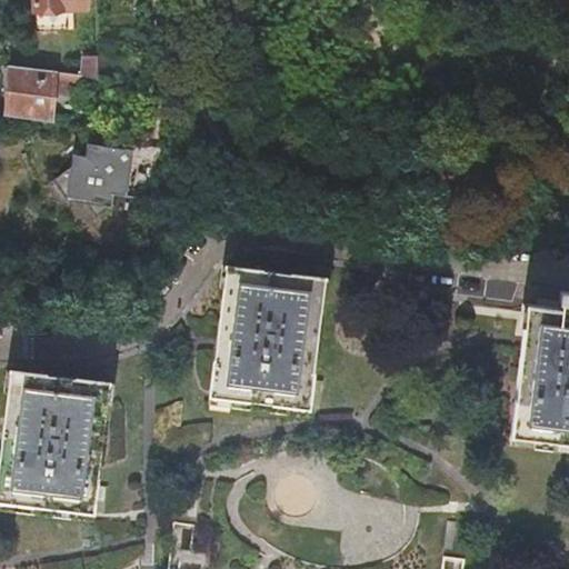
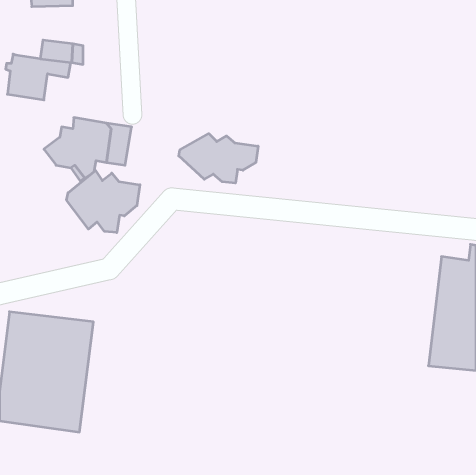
building: none -> [179,134,258,183]
building: none -> [67,171,140,233]
building: [210,267,326,409] -> none

